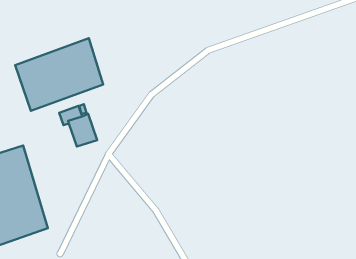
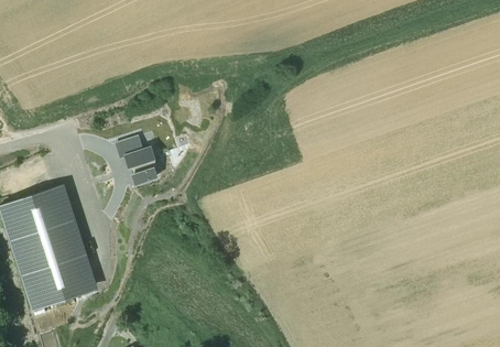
building: [15,38,103,111] -> none

